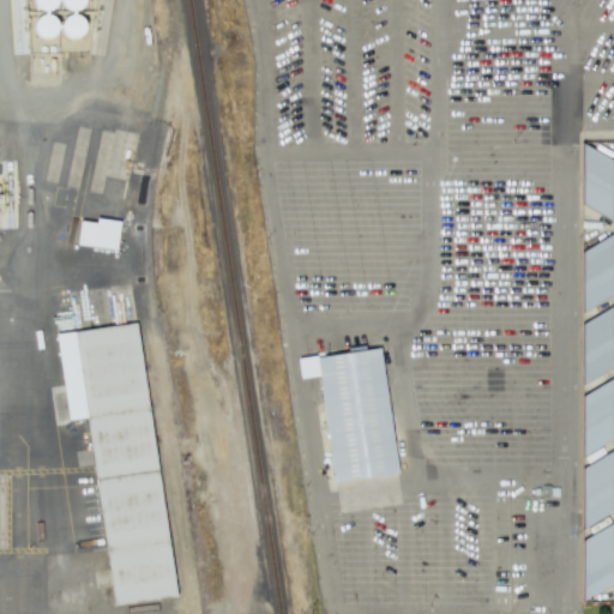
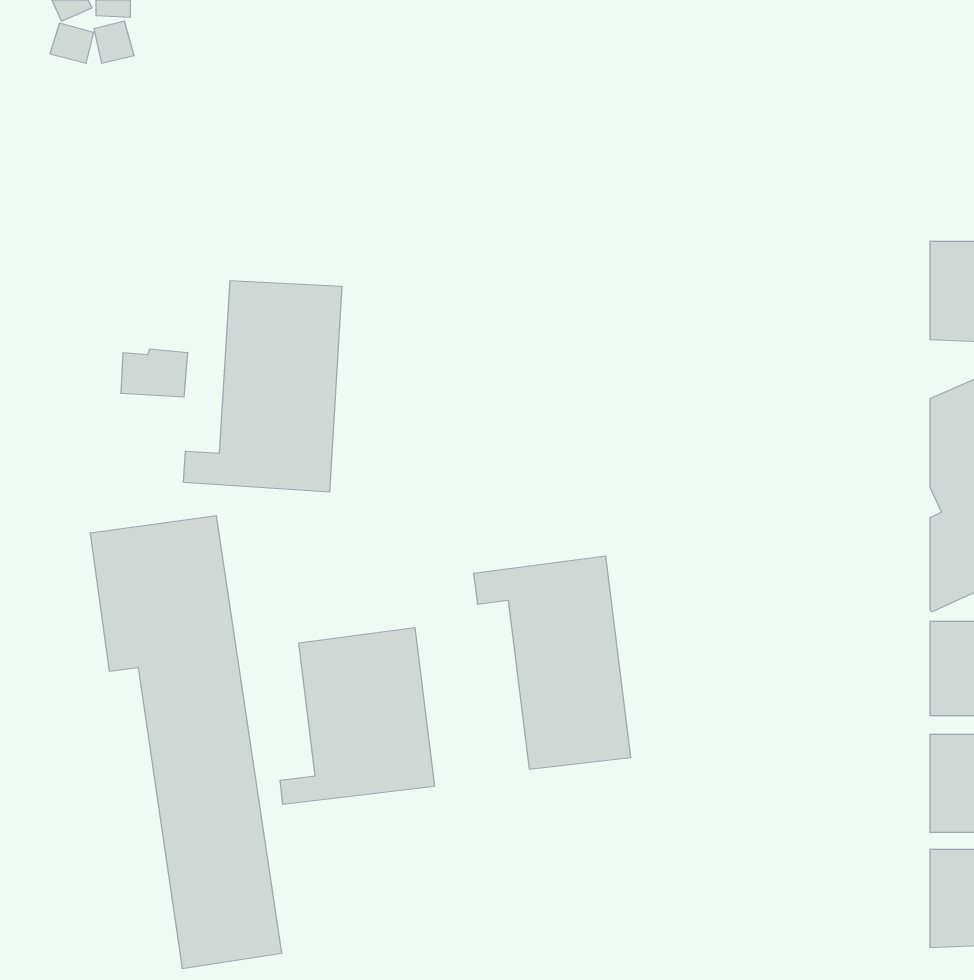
building: none -> [184,281,342,492]
building: none -> [280,628,434,804]

